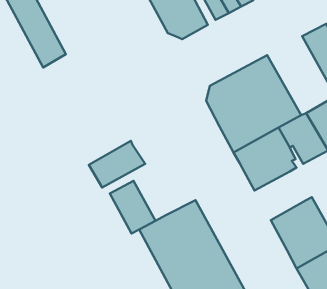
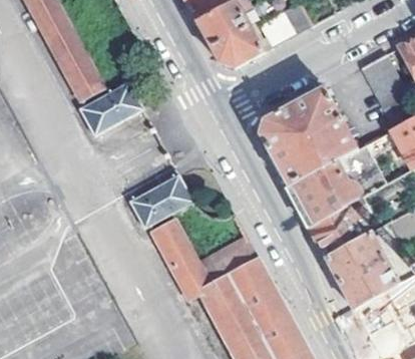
building: none -> [86,88,142,135]
building: none -> [309,210,363,261]

